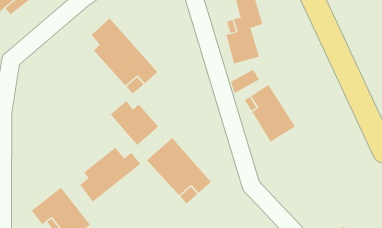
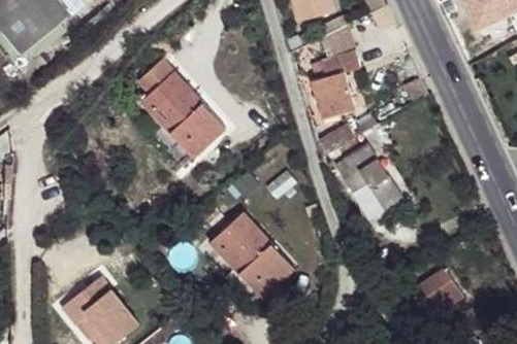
building: [110,100,159,146] -> none
building: [80,147,141,202] -> none
building: none -> [416,268,463,314]

